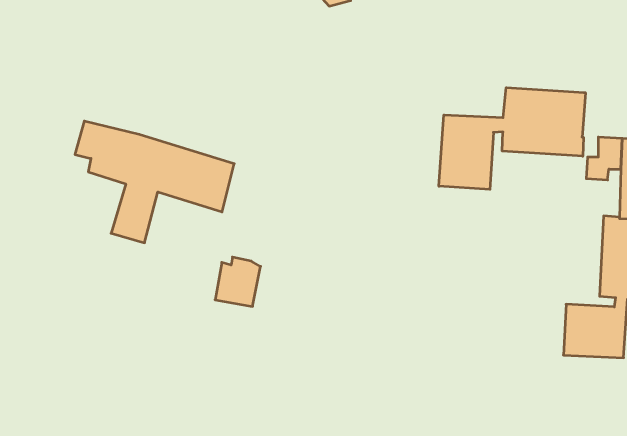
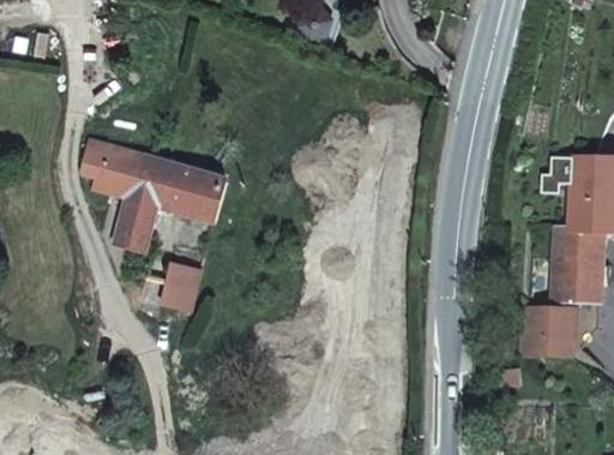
building: [439,88,585,189] -> none
building: [215,257,261,306] -> [158,265,199,310]

